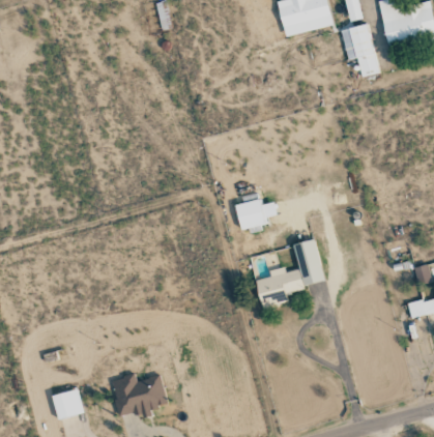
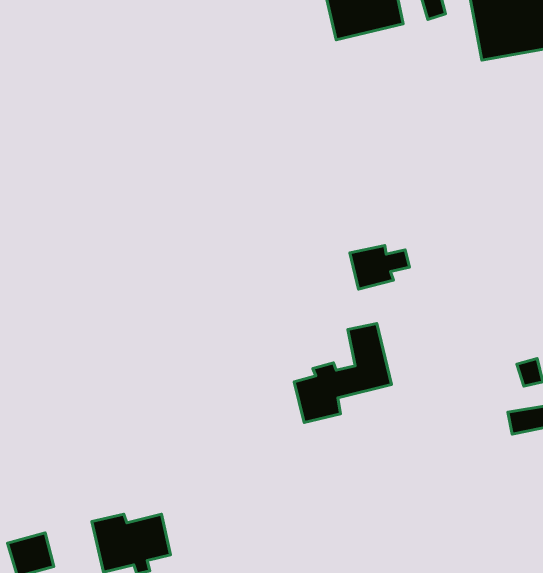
building: [340,23,379,77] -> none
building: [234,198,277,229] -> [350,245,410,289]

